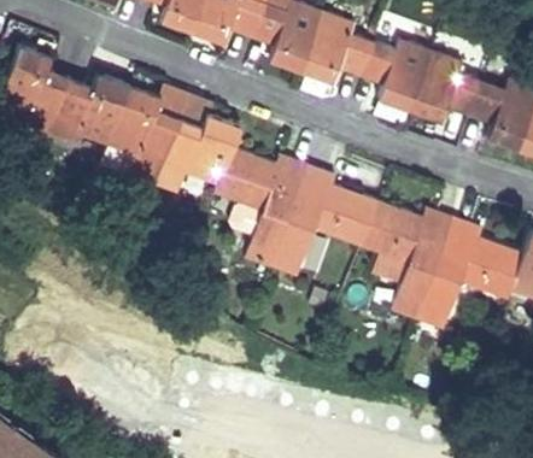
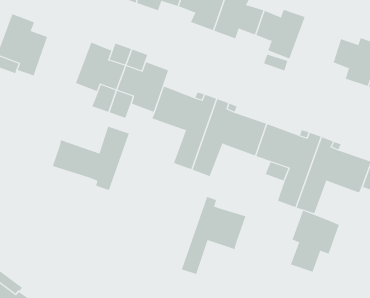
building: [409,51,480,121] -> none
building: [49,74,129,143] -> none
building: none -> [52,126,129,191]
building: none -> [181,196,246,275]
building: none -> [290,210,340,273]

